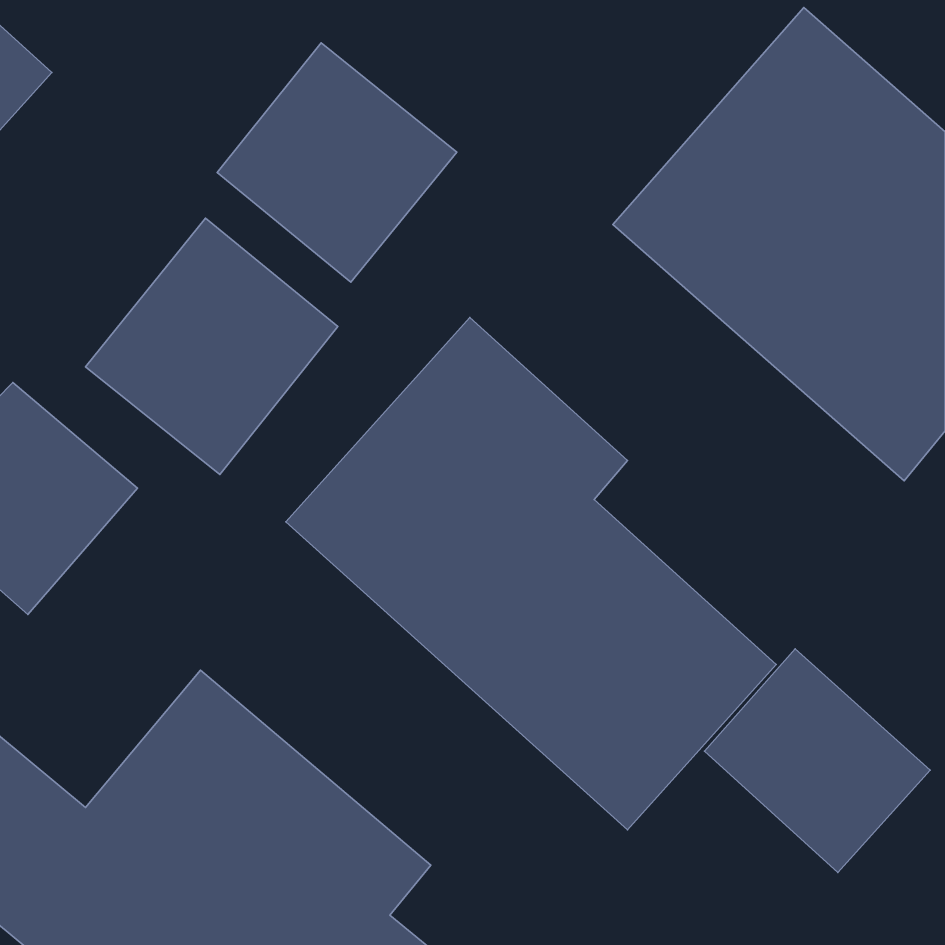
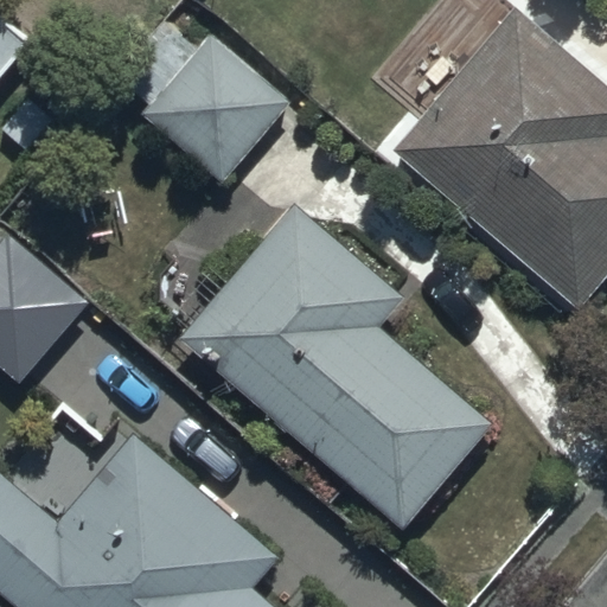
building: [85,218,338,474] -> none
building: [704,649,930,873] -> none

